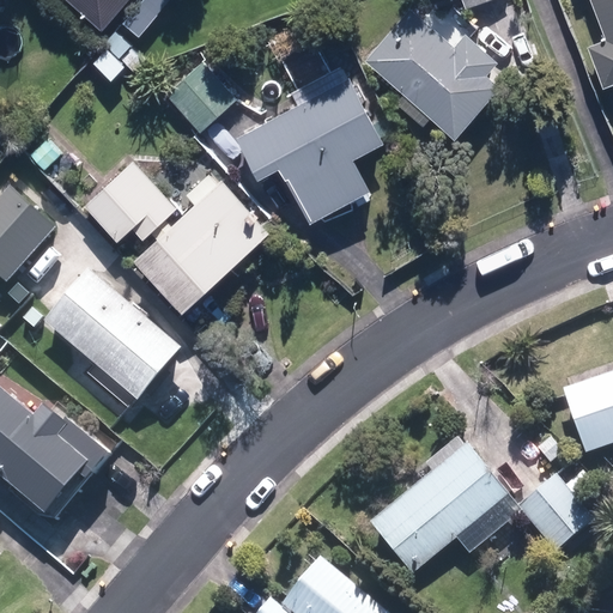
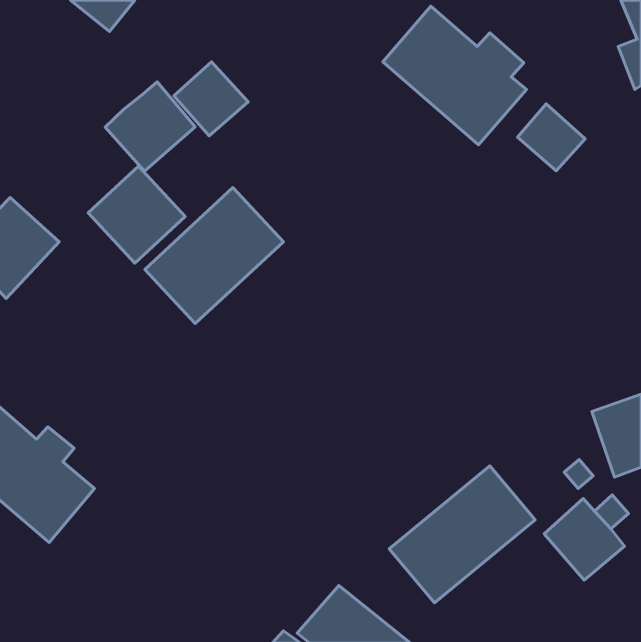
building: [237,75,384,221] -> none
building: none -> [105,82,195,171]
building: none -> [517,104,585,171]
building: [45,272,183,403] -> none

